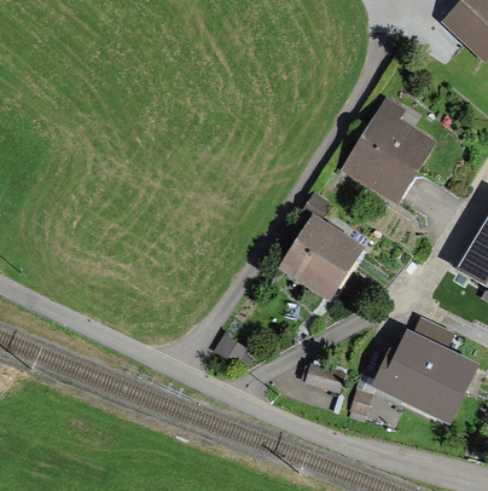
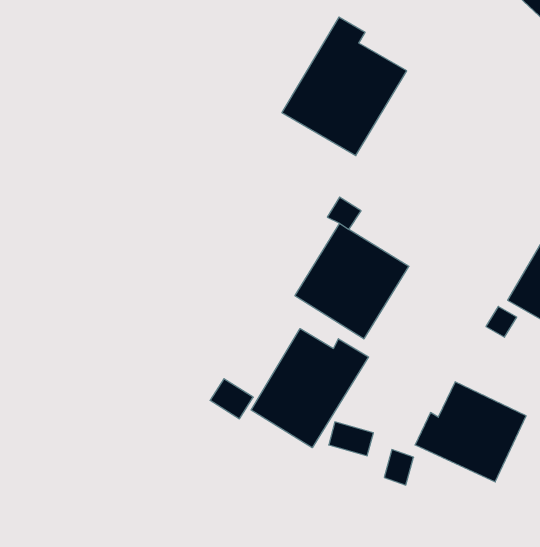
building: [337,93,435,202] -> [282,17,407,156]
building: none -> [251,329,369,448]

